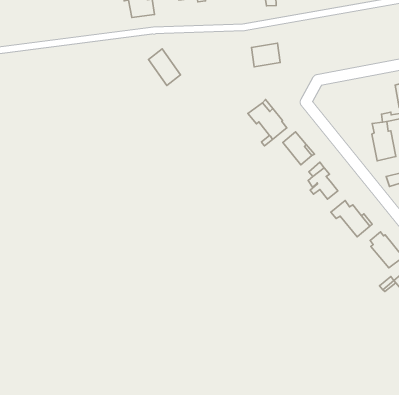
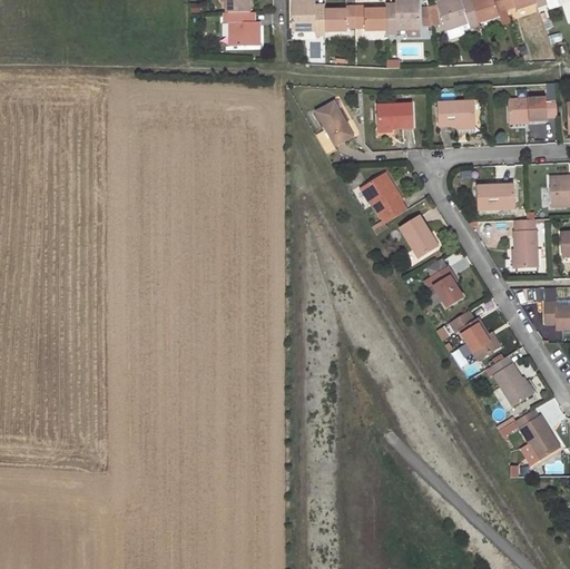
building: none -> [510,96,558,120]
building: none -> [438,98,474,133]
building: [148,49,181,85] -> [315,101,353,148]
building: none -> [478,185,517,207]

